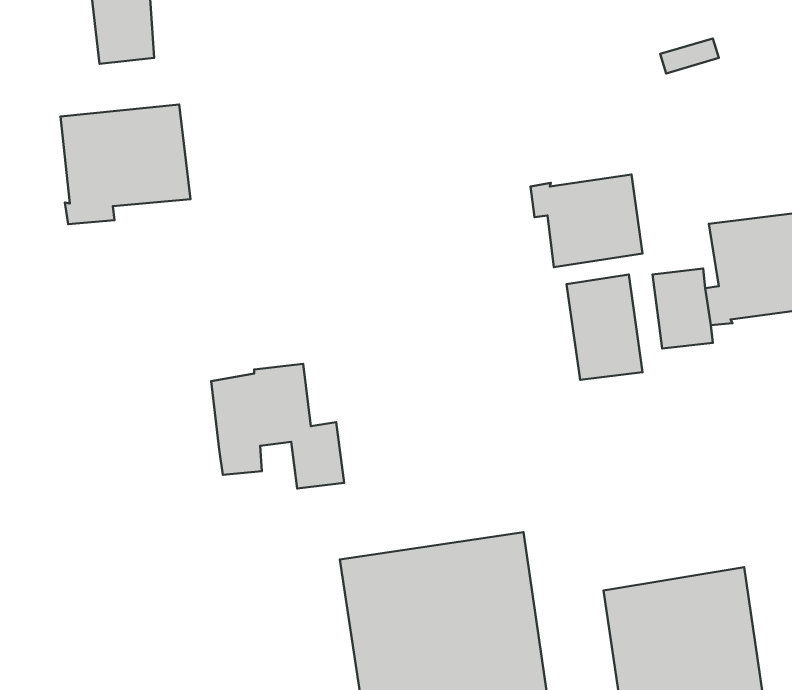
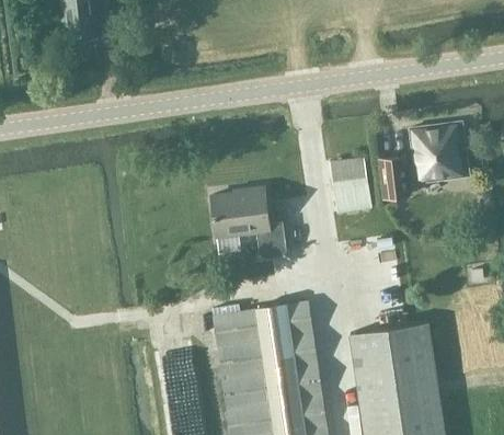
building: [61,105,191,224] -> none
building: [531,175,642,267] -> none
building: [211,364,344,489] -> [213,188,287,259]

